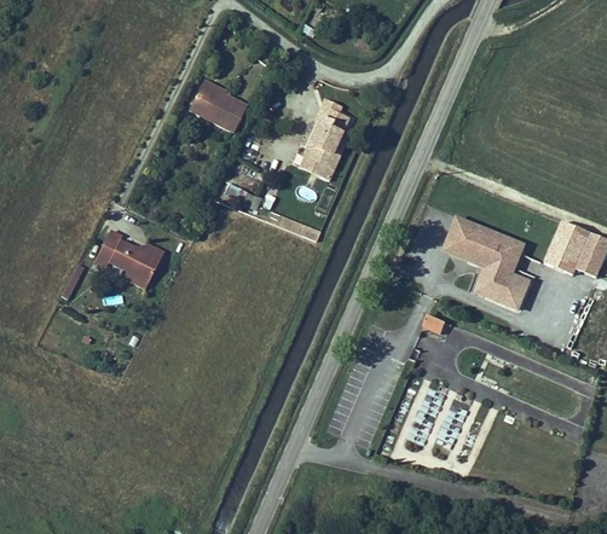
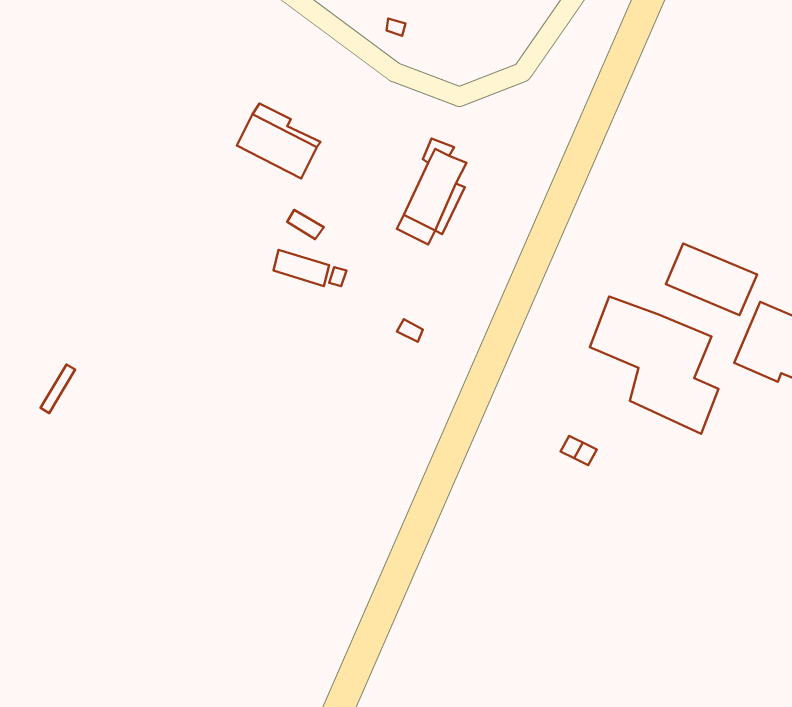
building: none -> [666,244,757,315]
building: [96,232,166,284] -> none

